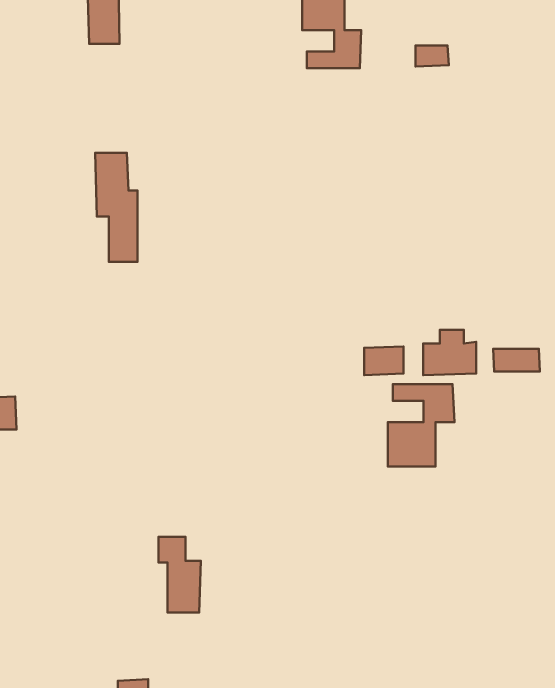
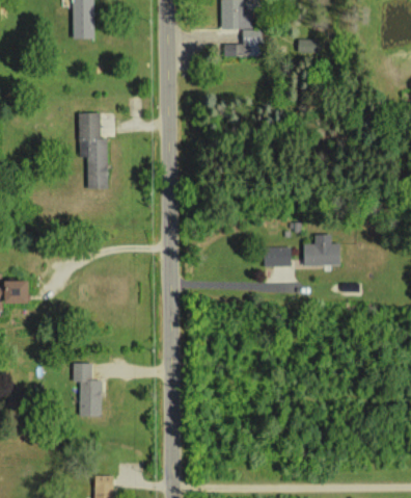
building: [493,349,540,372] -> none
building: [388,384,454,466] -> none
building: [158,537,201,612] -> [74,364,103,416]

